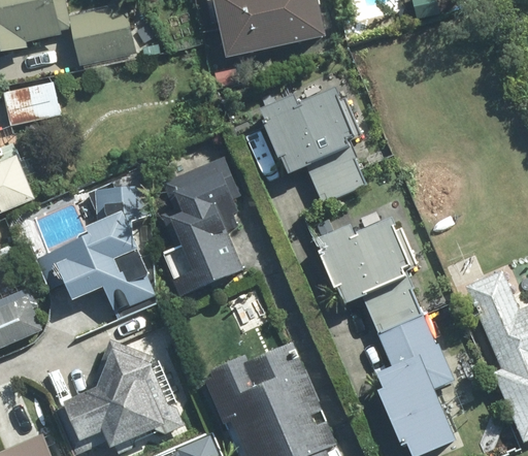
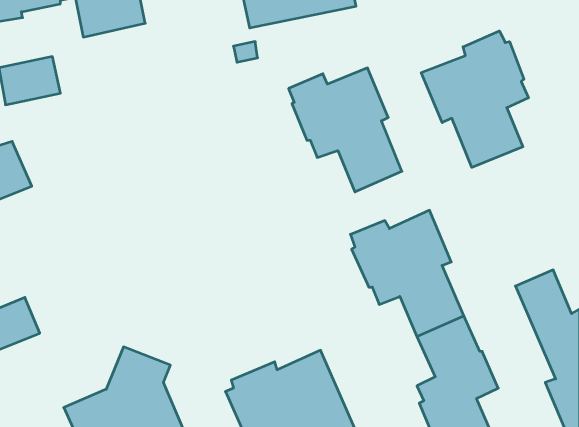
building: none -> [421,31,528,167]
building: [163,159,239,294] -> none
building: [34,188,155,312] -> none

